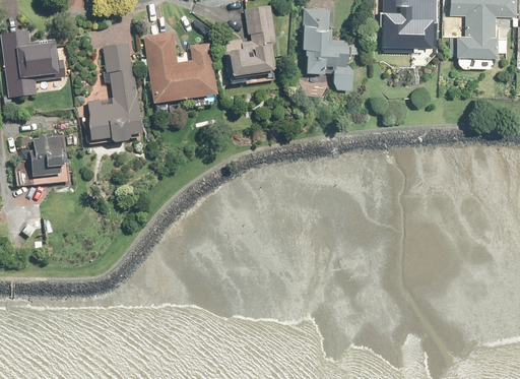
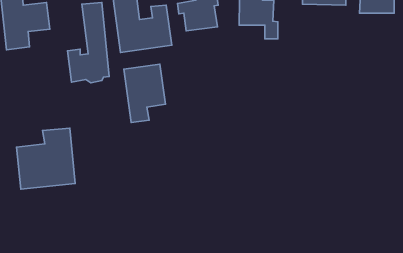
building: none -> [124,64,166,122]
building: [30,134,66,179] -> none
building: none -> [17,128,75,189]

